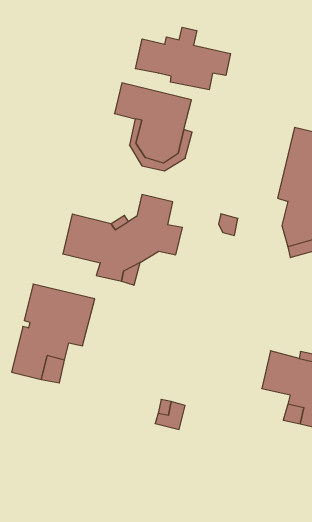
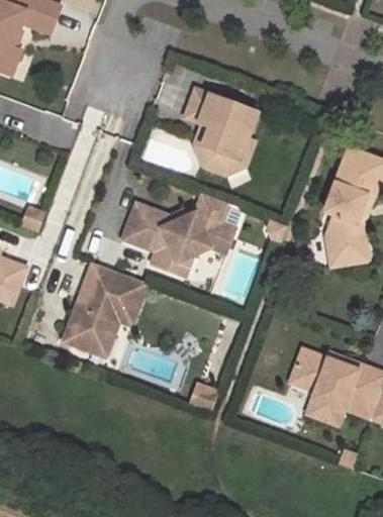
building: [135,27,231,90] -> none

